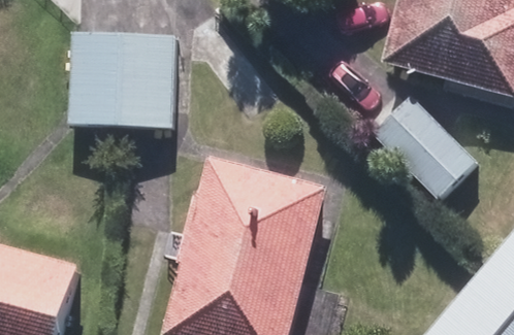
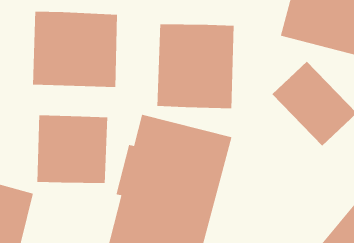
building: none -> [156,23,235,109]
building: none -> [36,114,108,184]

